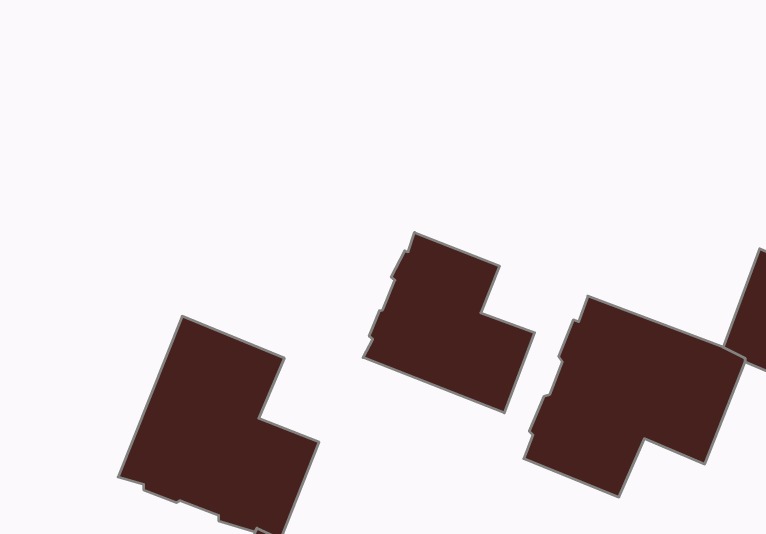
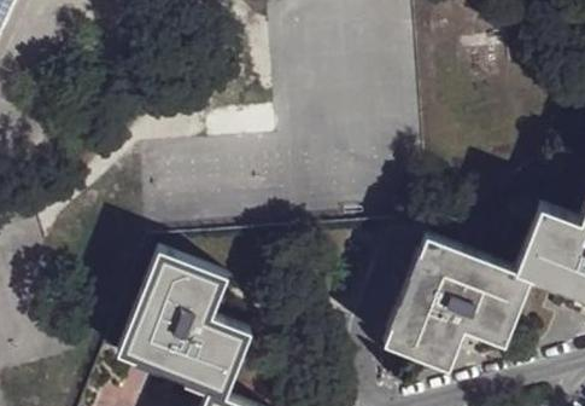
building: [363,232,535,413] -> none

